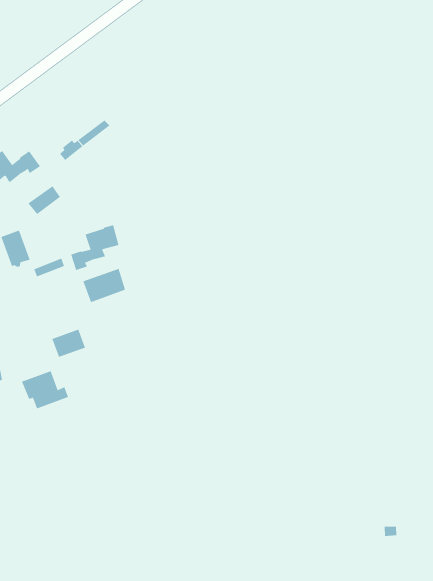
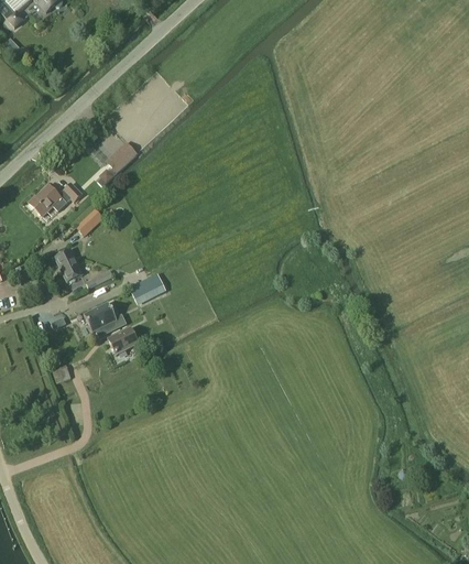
building: [71,225,119,271] -> none
building: [21,371,69,409] -> [84,302,126,336]

